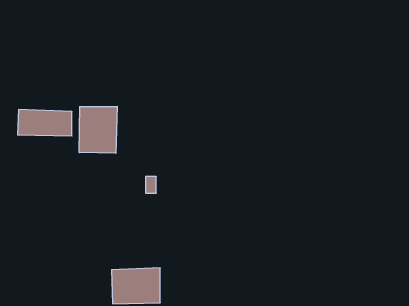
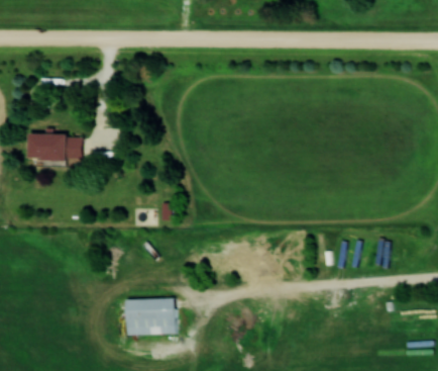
building: [79,106,117,153] -> none

